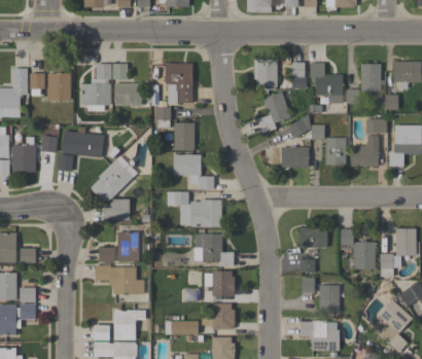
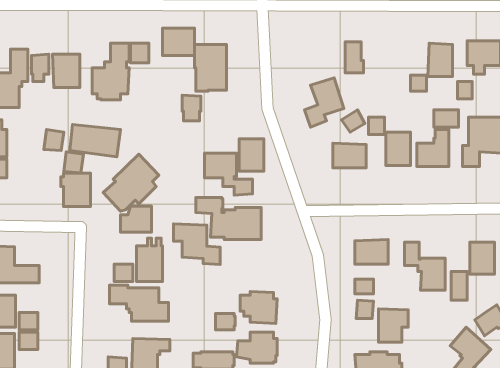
building: [254,59,278,93] -> none
building: [310,63,343,103] -> none
building: [114,82,141,105] -> [162,28,195,55]
building: [174,122,195,149] -> [239,139,264,171]
building: [10,144,35,172] -> [61,173,91,206]
building: [195,232,234,266] -> [173,224,220,265]

